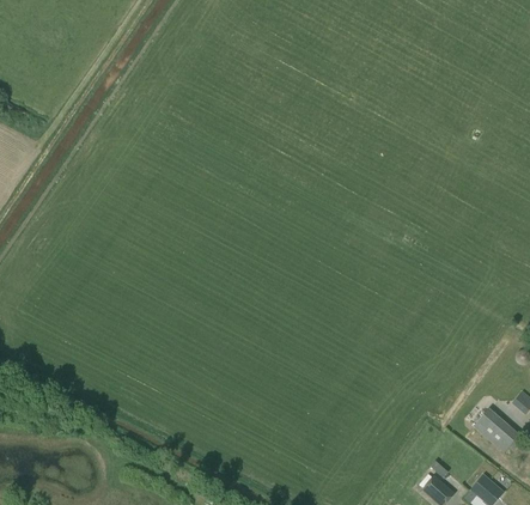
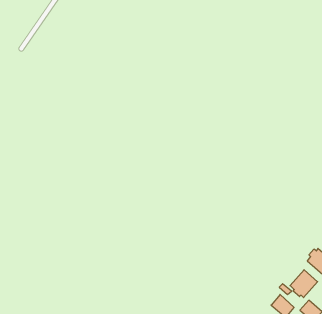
building: none -> [290,270,318,298]

